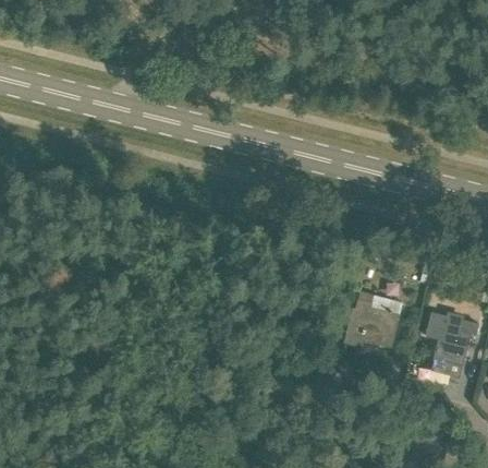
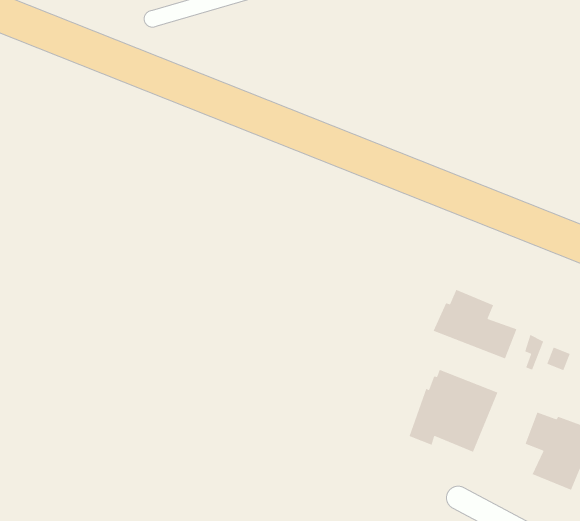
building: none -> [433,289,517,360]

